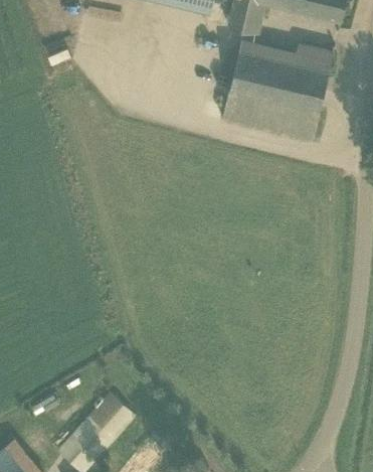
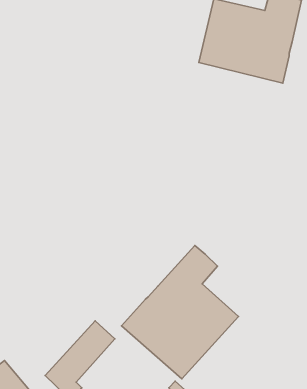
building: none -> [121,246,238,379]

